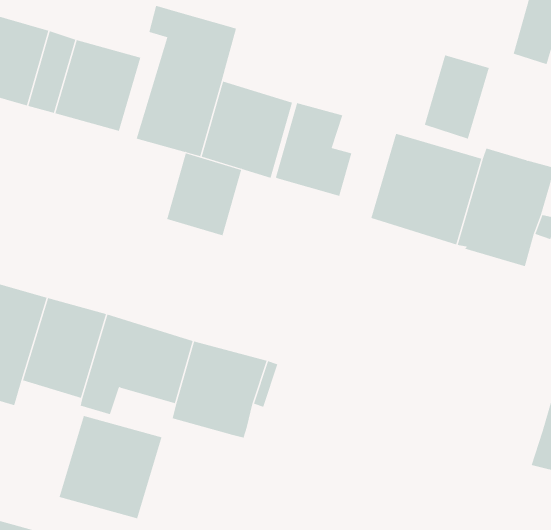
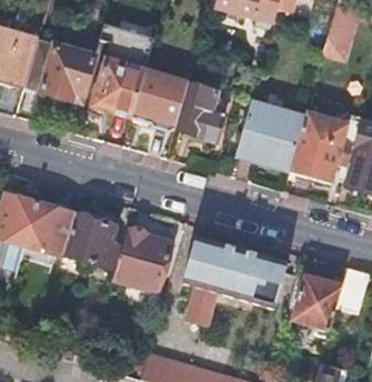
building: [424,54,490,140] -> none
building: [166,152,242,236] -> none
building: none -> [183,237,286,323]
building: none -> [284,272,342,328]
building: [59,415,162,519] -> none

